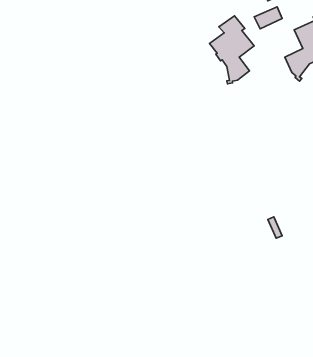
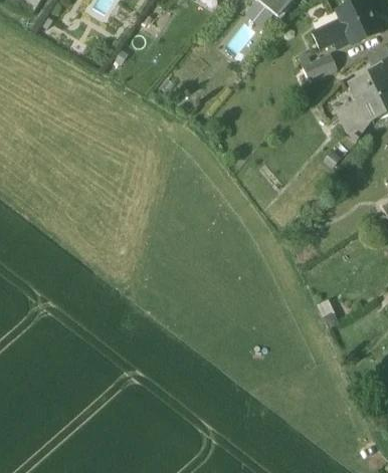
building: [210,16,254,84] -> none

